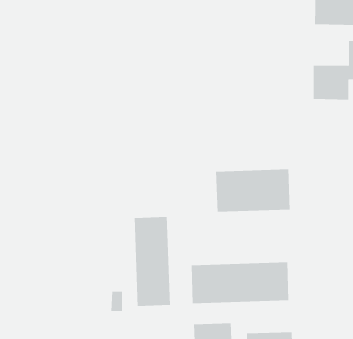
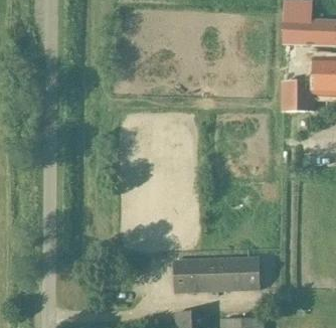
building: [216,169,290,213] -> none
building: [134,216,170,307] -> none

